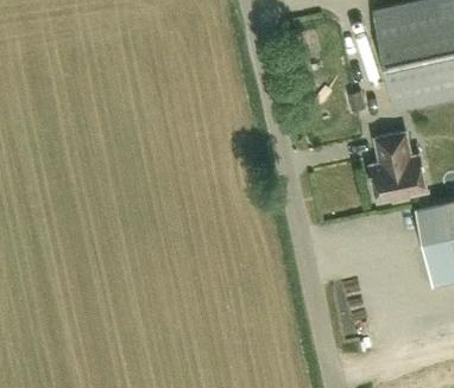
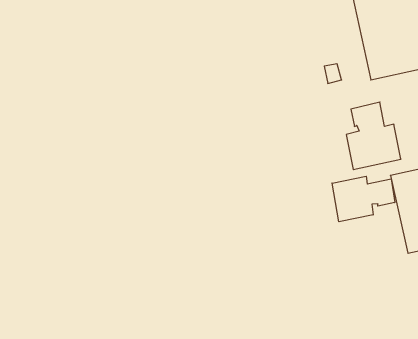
building: none -> [332,176,395,222]

